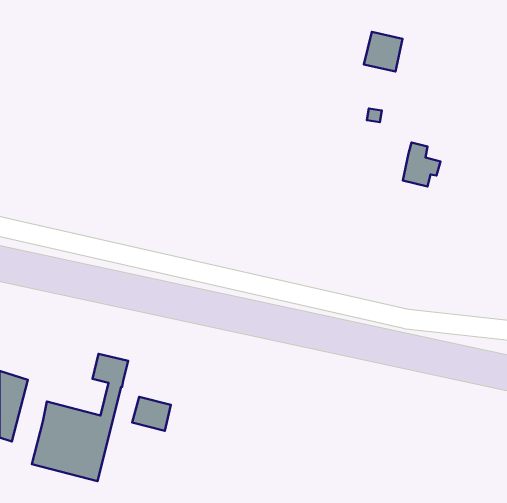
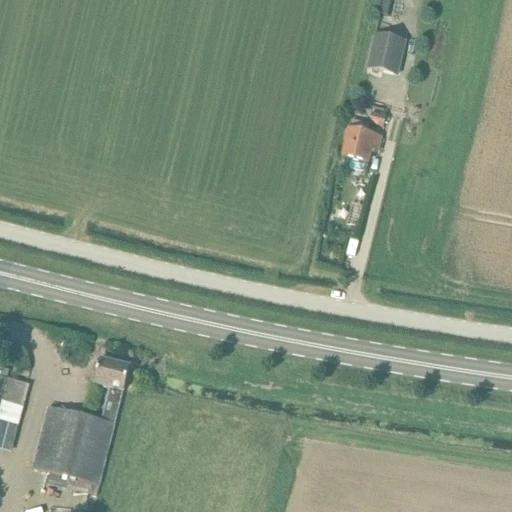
building: [403,143,440,186] -> [342,116,380,160]
building: [132,397,171,431] -> none

